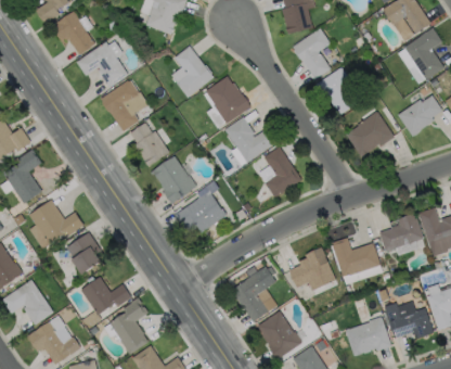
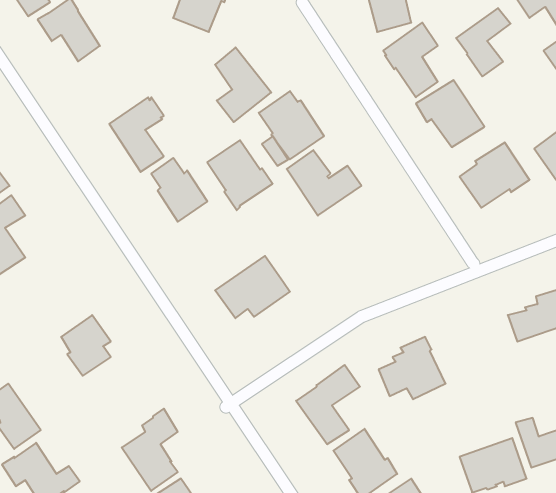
building: none -> [456,8,511,76]
building: [76,42,128,88] -> none
building: [263,147,301,198] -> none
building: [152,156,197,205] -> [207,140,273,210]
building: [29,200,83,244] -> none
building: [331,238,379,277] -> none
building: [81,277,131,315] -> none

